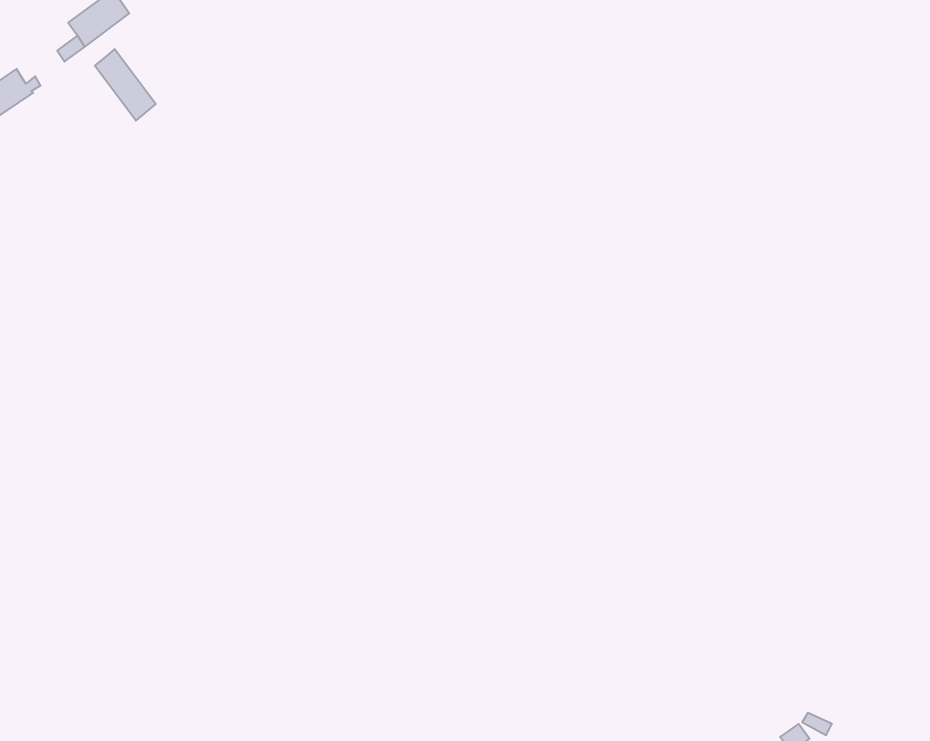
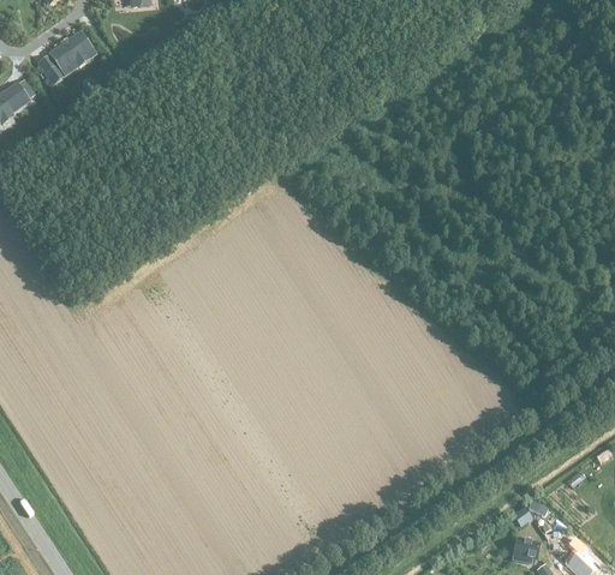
building: [95,49,156,121] -> none

